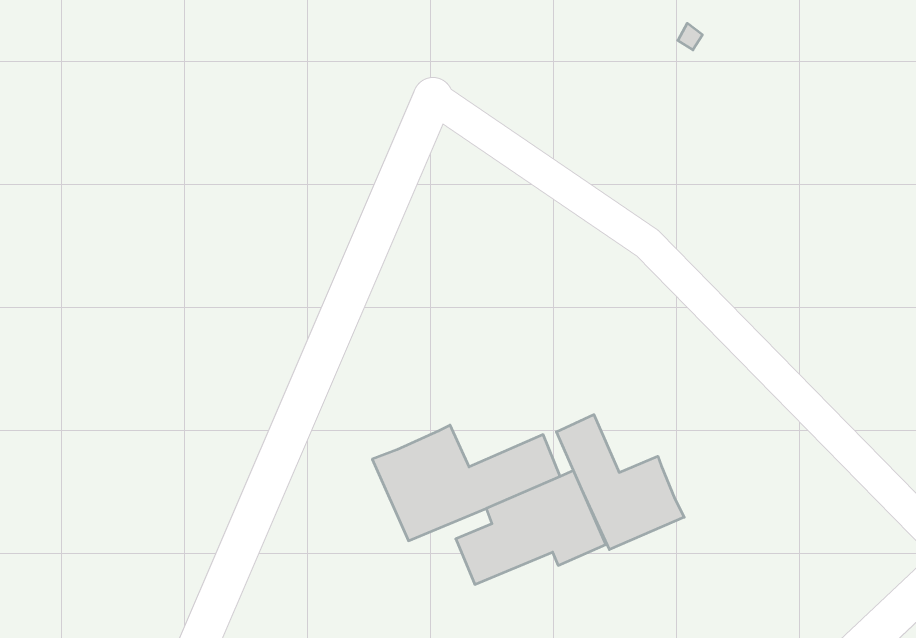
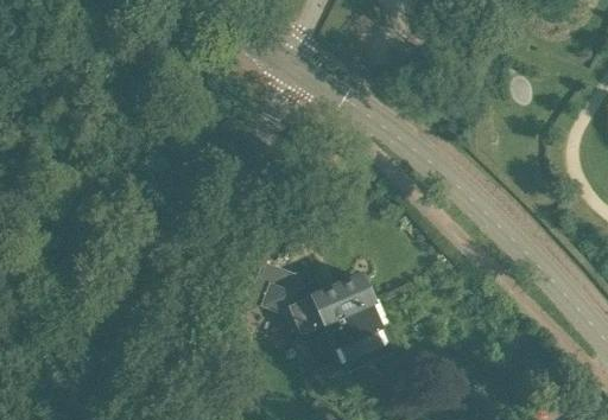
building: [556,415,684,550] -> none

